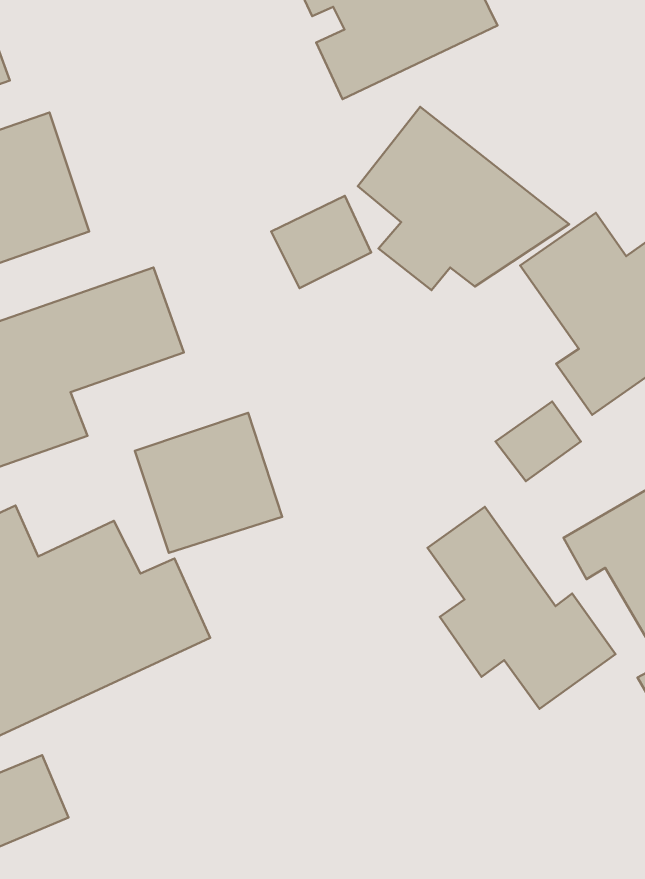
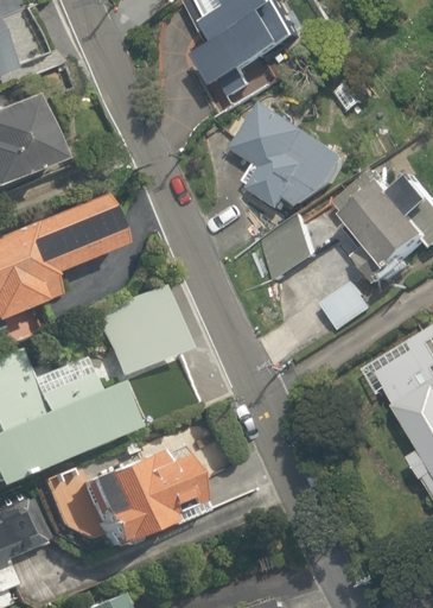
building: [271,196,371,288] -> [253,218,316,277]
building: [427,507,616,709] -> none
building: none -> [39,441,209,556]

